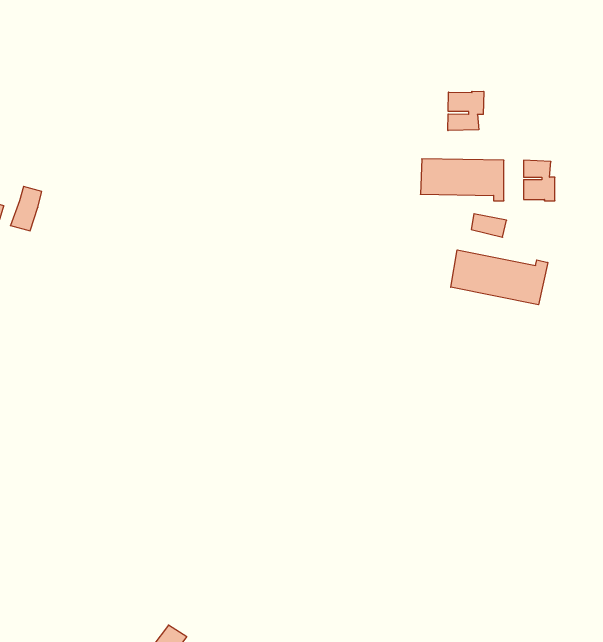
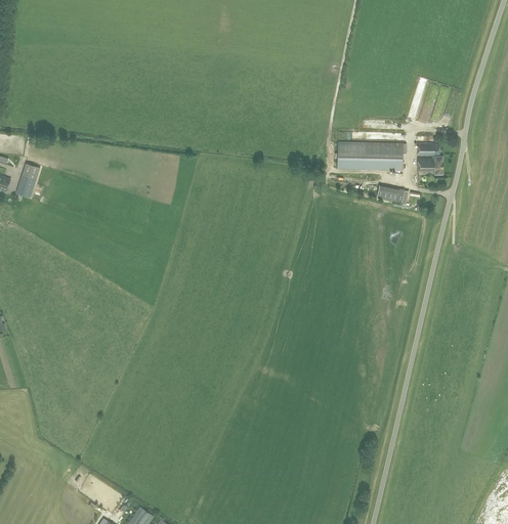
building: [448,91,484,131] -> none
building: [451,250,548,305] -> none

